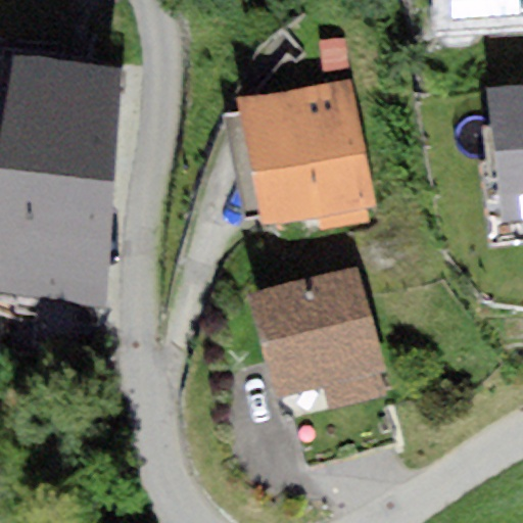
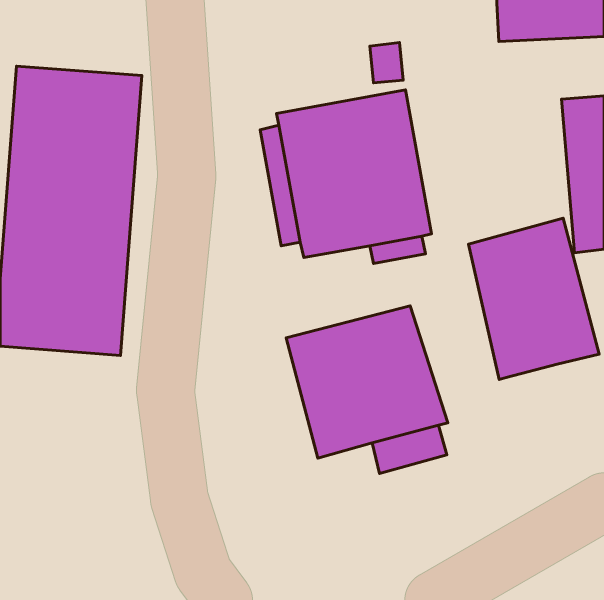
building: none -> [469,218,599,379]

